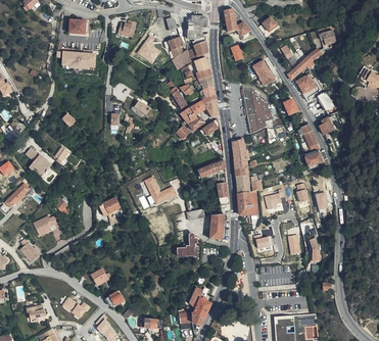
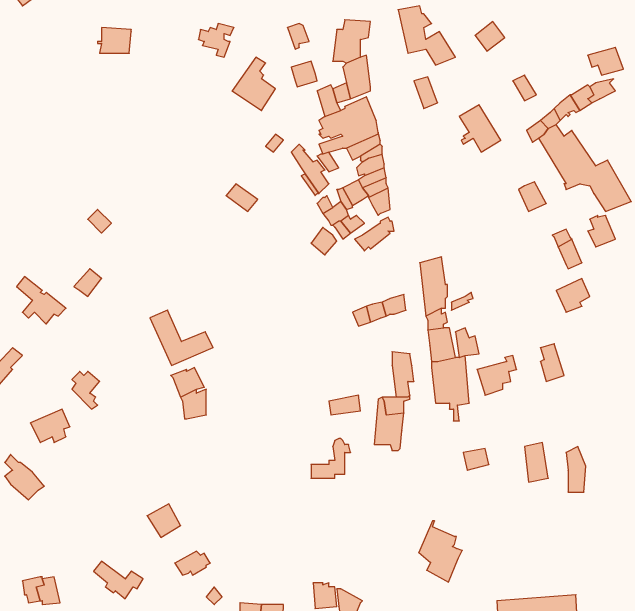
building: [60,51,95,69] -> none
building: [243,88,273,133] -> none
building: [146,174,179,202] -> [150,310,213,365]
building: [188,285,210,316] -> [419,521,462,582]

